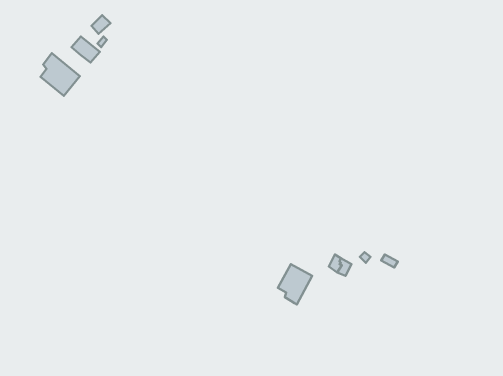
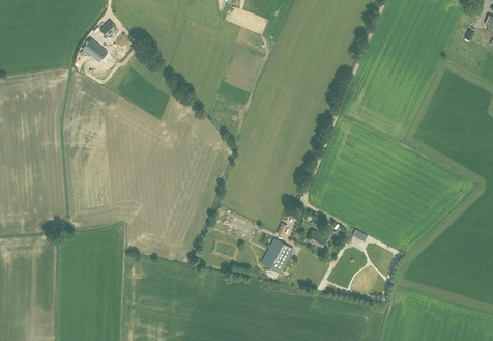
building: [40,53,80,96] -> none

